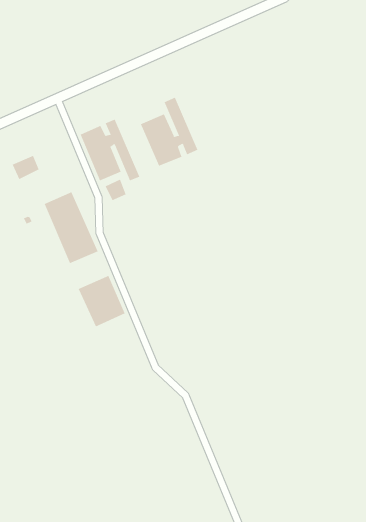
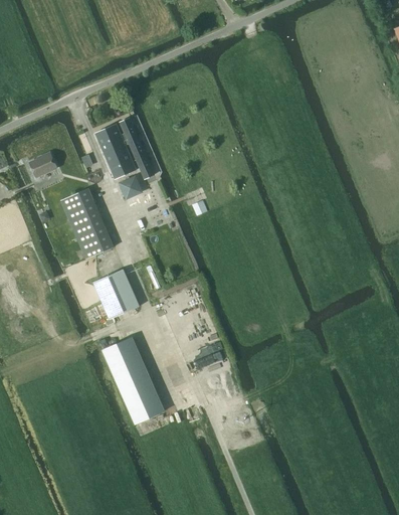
building: [140,97,198,167] -> none
building: none -> [103,336,164,422]

